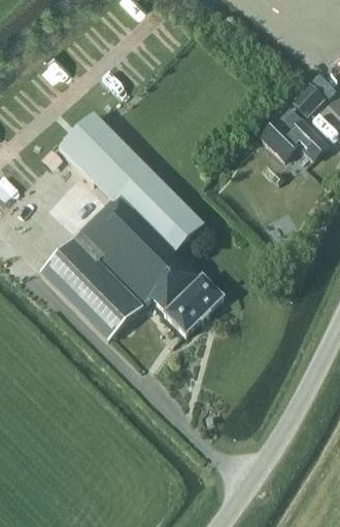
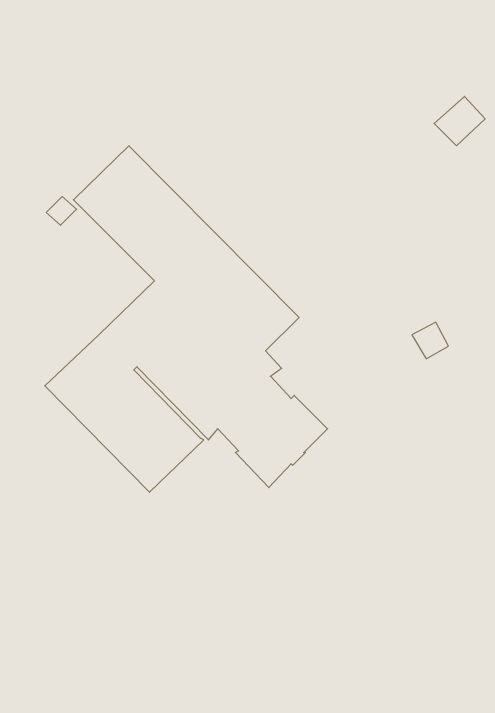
building: [260,108,327,157] -> none

